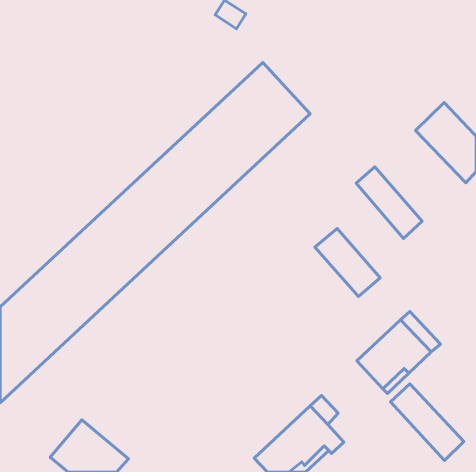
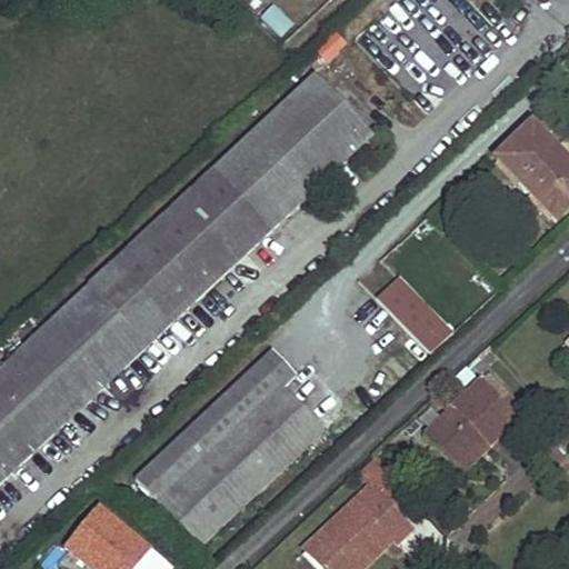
building: [356,167,422,239] -> none
building: none -> [136,348,325,545]
building: [390,384,464,461] -> none

